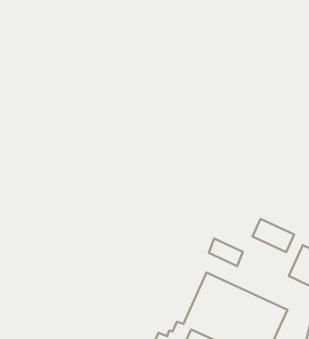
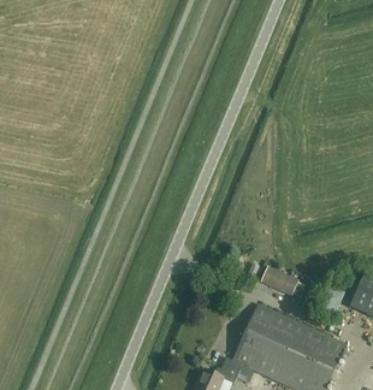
building: [253,219,294,252] -> none

